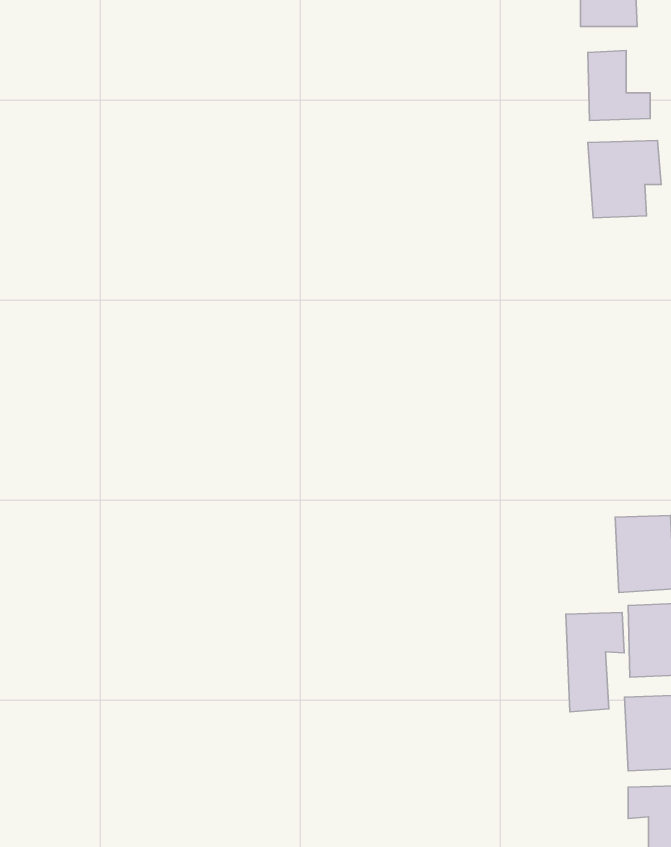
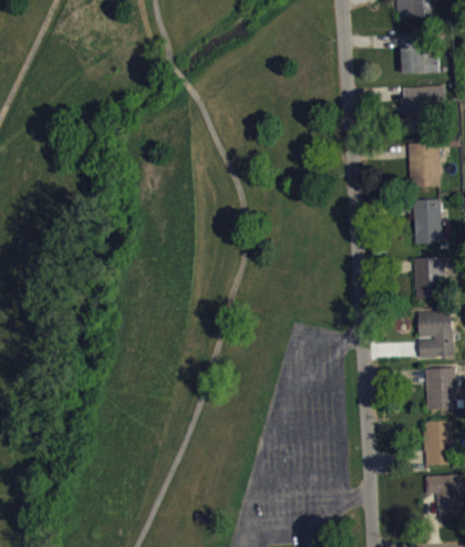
building: none -> [407,142,440,186]
building: none -> [413,198,441,244]
building: none -> [413,257,444,298]
building: [566,612,624,712] -> none

